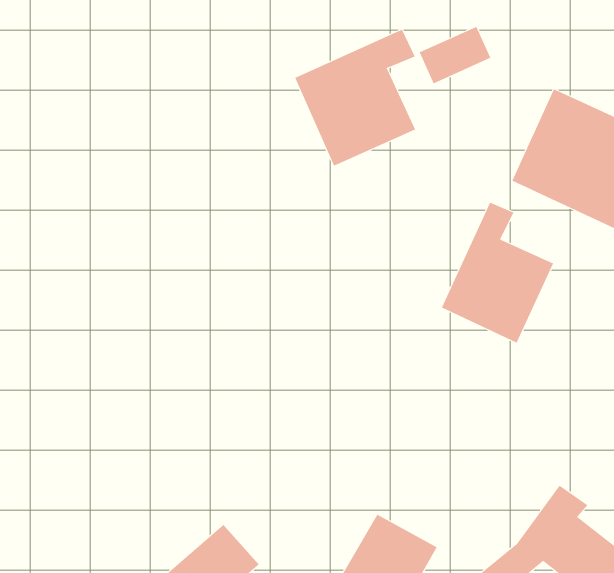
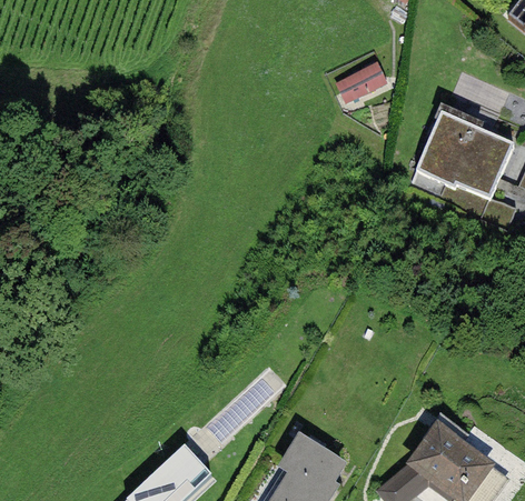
building: [294,29,416,167] -> none
building: [441,202,554,344] -> none

